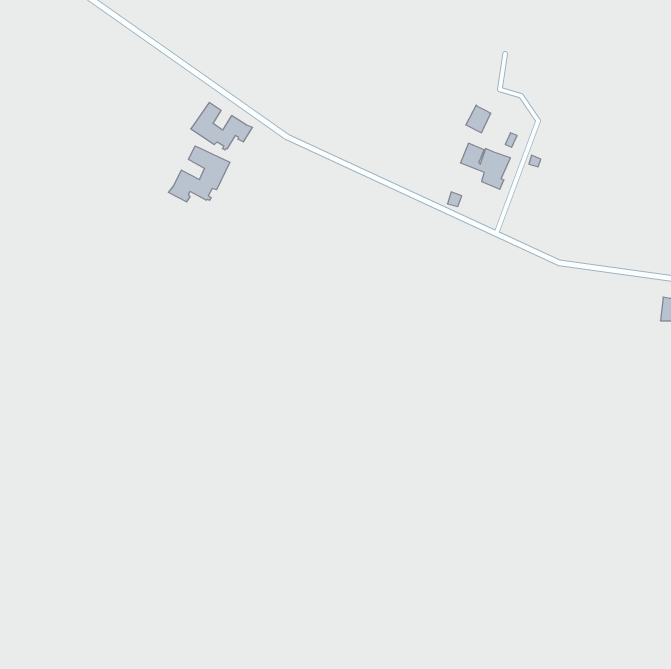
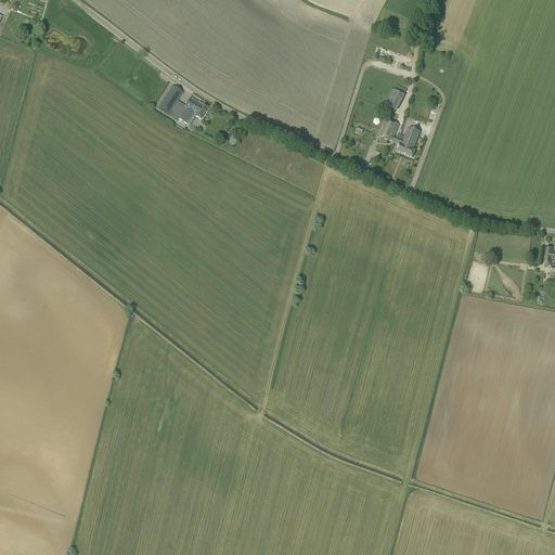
building: [168,146,230,202] -> none

